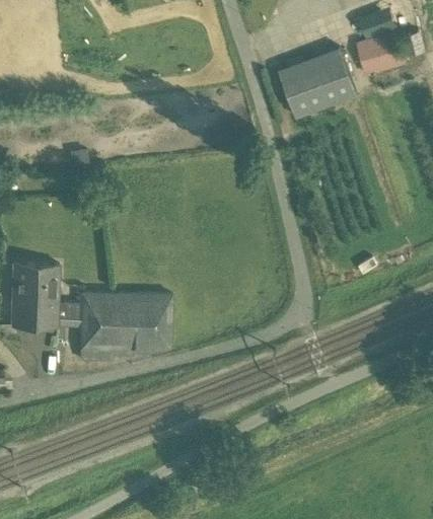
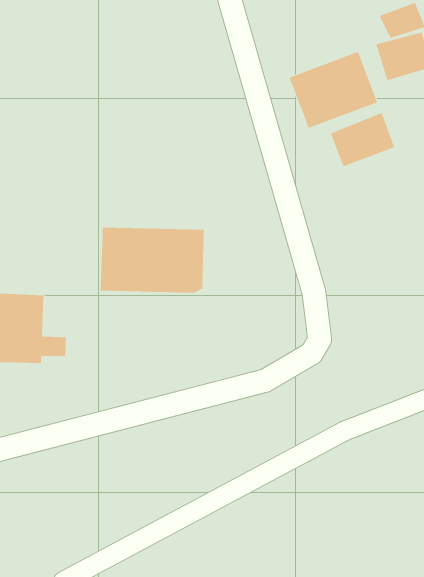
building: none -> [330,112,395,167]
building: [77,293,170,352] -> [100,227,204,293]

